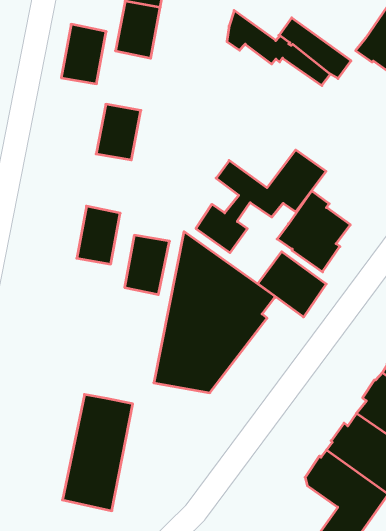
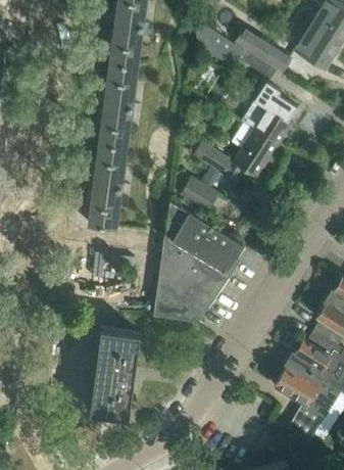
building: [61,24,106,84] -> [104,60,137,105]
building: [277,191,350,272] -> [241,82,297,144]
building: [125,235,170,295] -> [94,141,127,186]
building: [258,252,326,317] -> none

